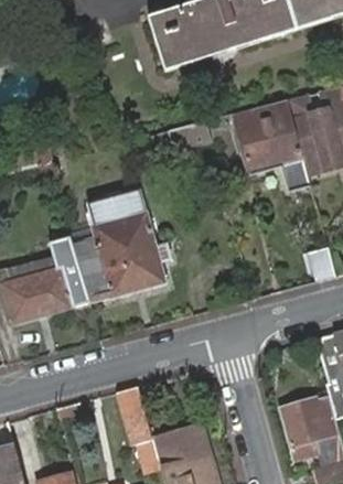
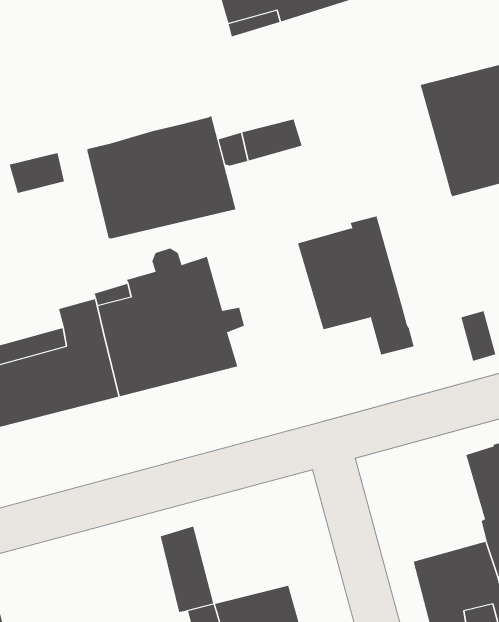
building: [233,99,309,190] -> [297,216,414,355]
building: none -> [87,115,236,239]

